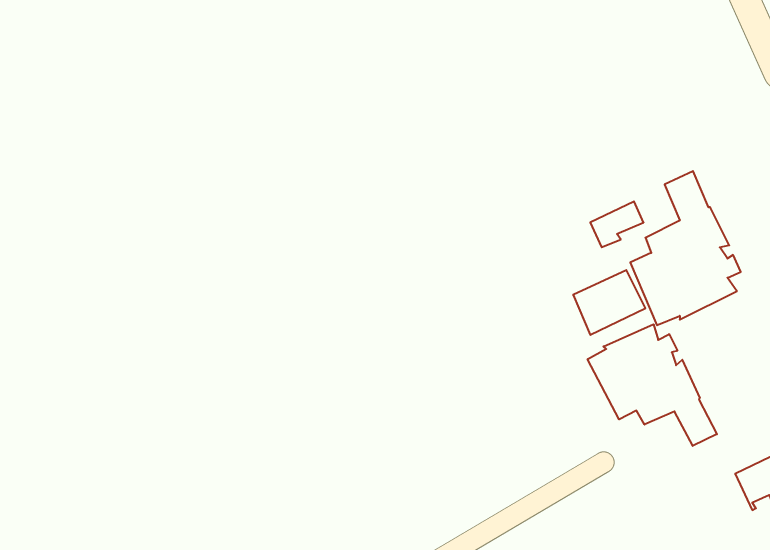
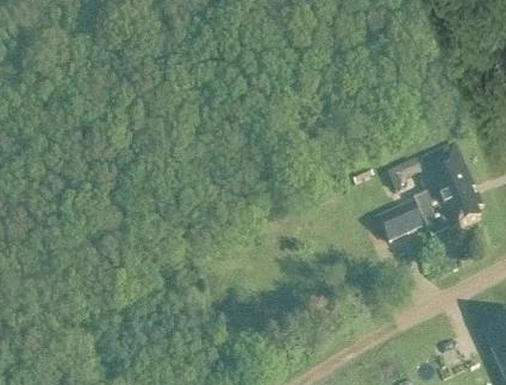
building: [588,324,717,446] -> none

